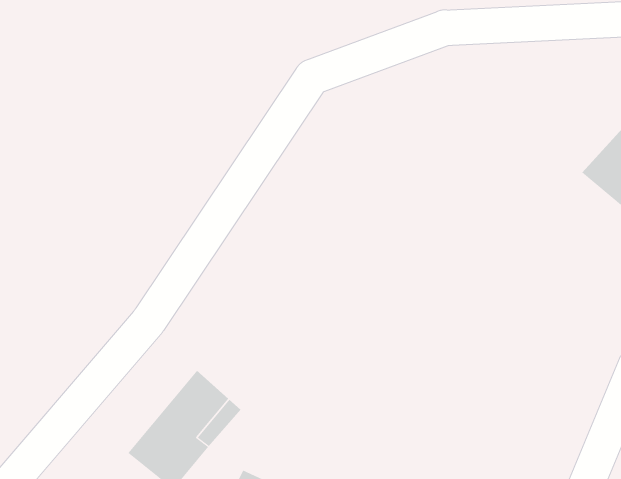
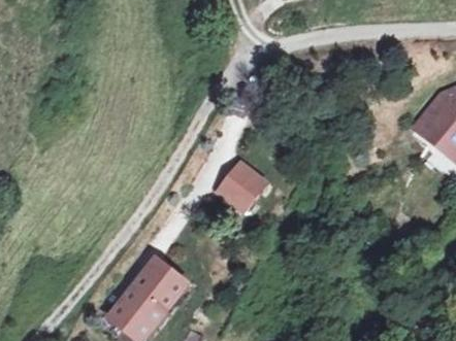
building: none -> [222,165,267,211]

